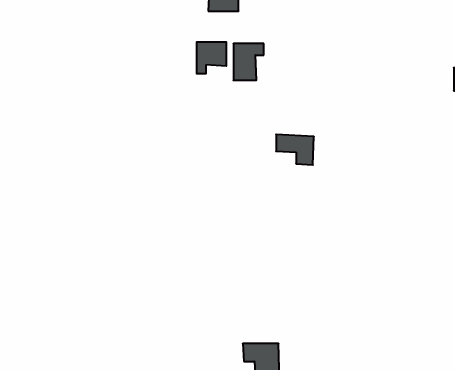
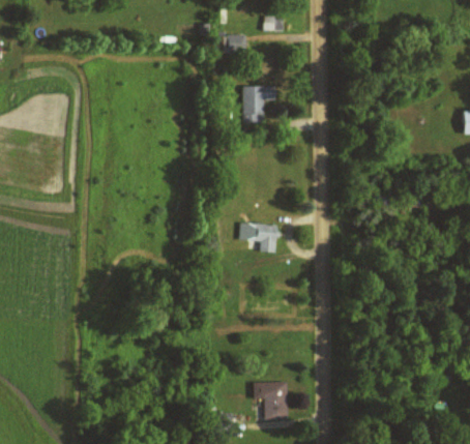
building: [197,42,226,74] -> none
building: [276,134,314,165] -> [239,223,276,253]

